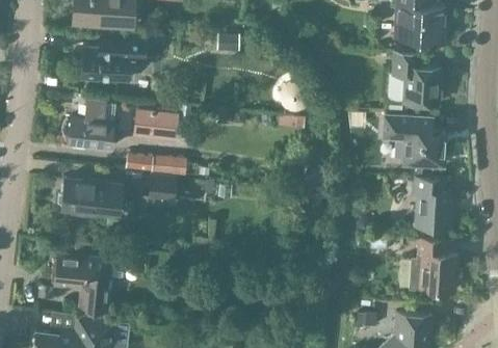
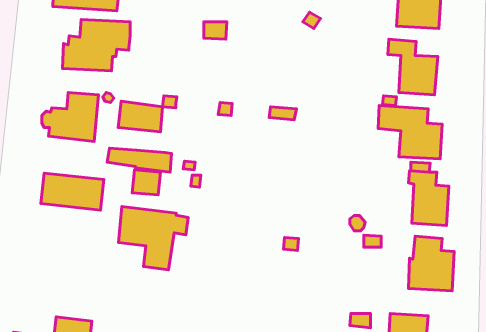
building: [57,250,124,311] -> [119,207,188,270]

